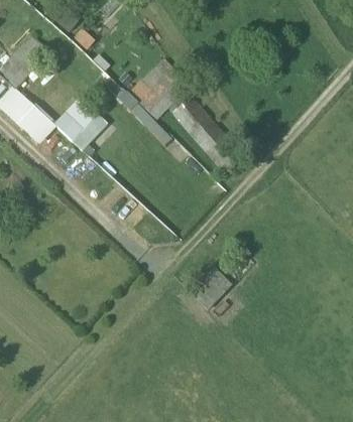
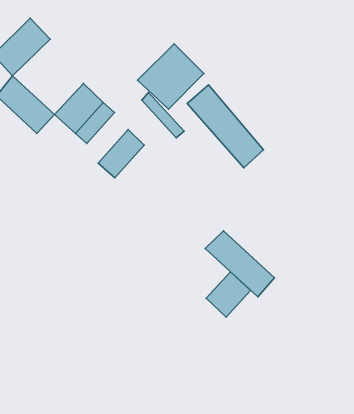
building: none -> [98,130,144,178]
building: none -> [205,231,275,297]

